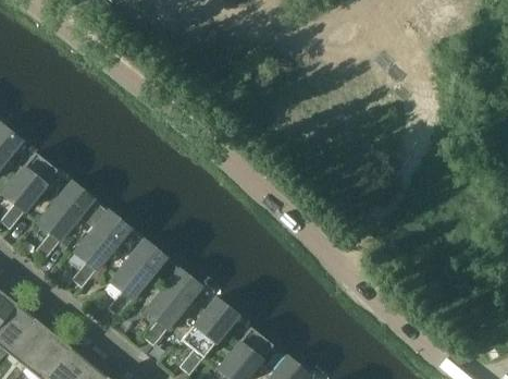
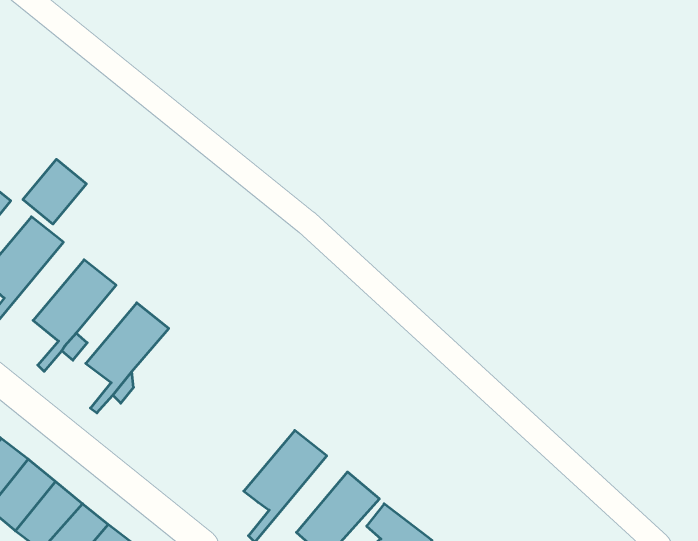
building: none -> [23,159,86,224]
building: [109,240,165,316] -> none
building: [146,261,201,345] -> none

